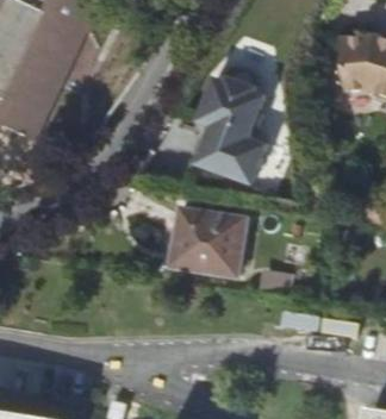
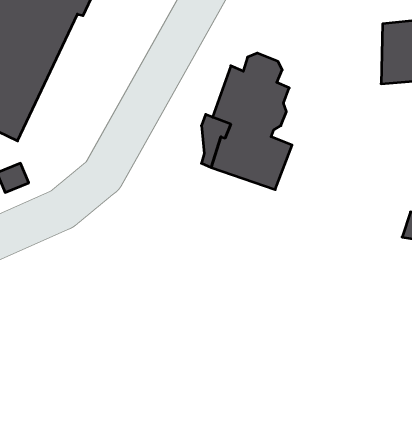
building: [169,208,243,275] -> none

